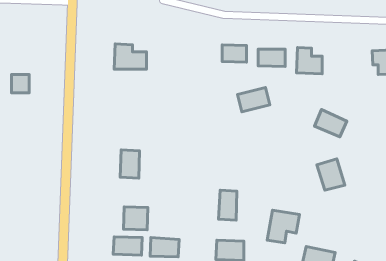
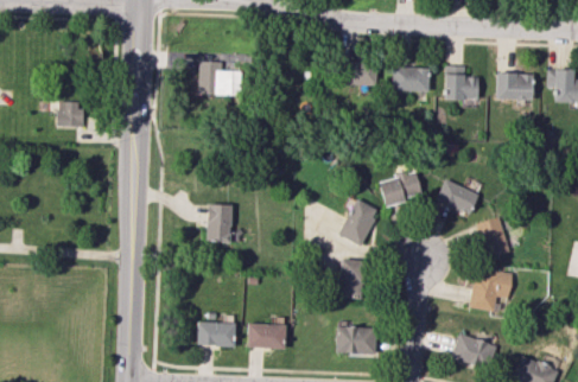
building: none -> [496,74,534,100]
building: [237,87,270,112] -> [380,172,424,205]
building: [314,110,347,137] -> [436,179,479,216]
building: none -> [338,199,380,246]
building: [124,207,148,230] -> none
building: [267,210,300,243] -> [470,268,514,312]

